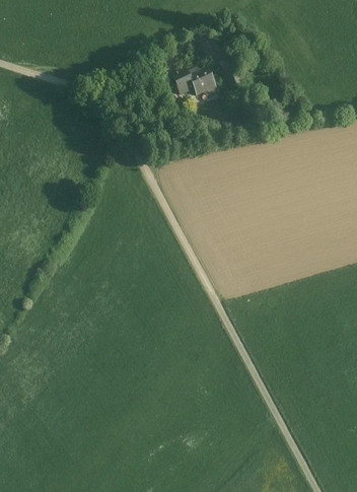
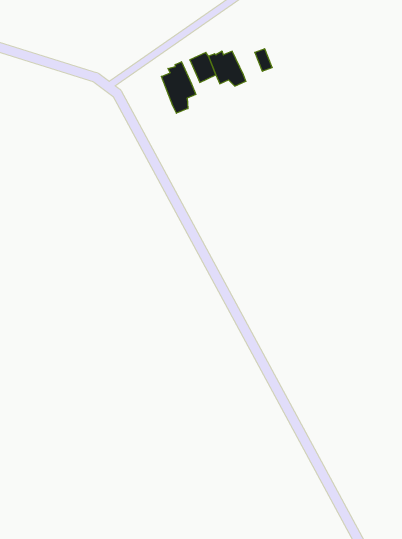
building: none -> [161,62,196,113]

